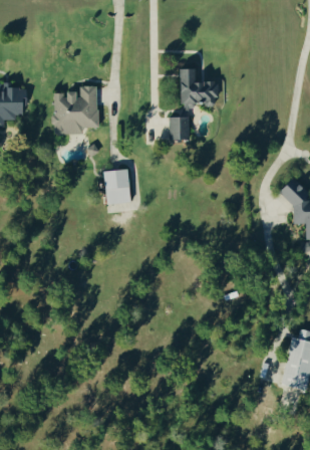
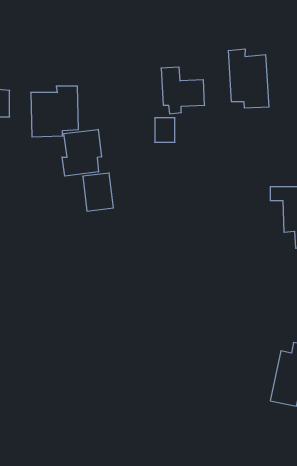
building: none -> [229,49,269,108]
building: none -> [62,129,101,176]

